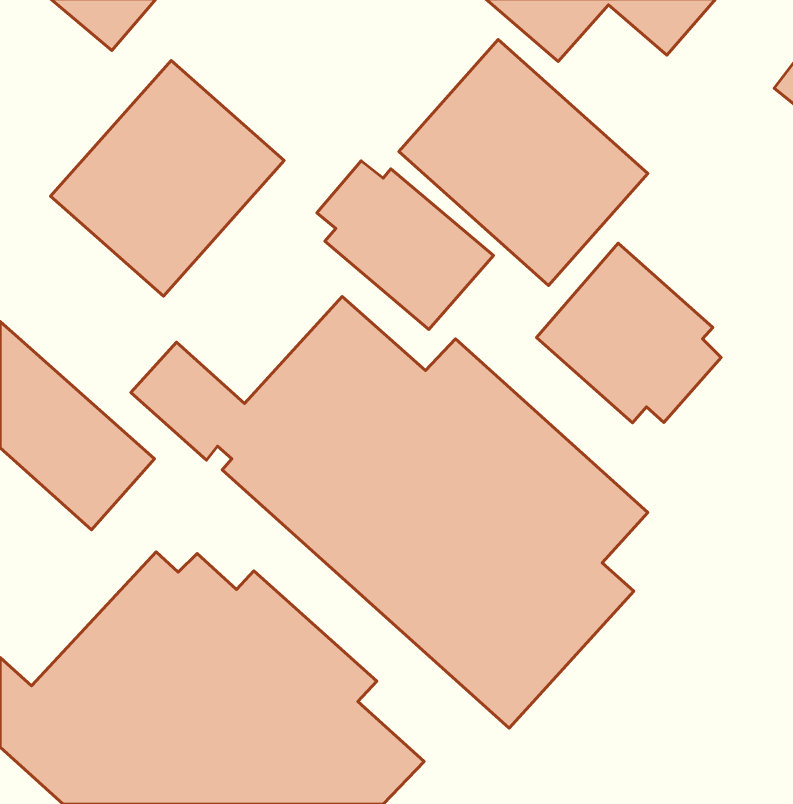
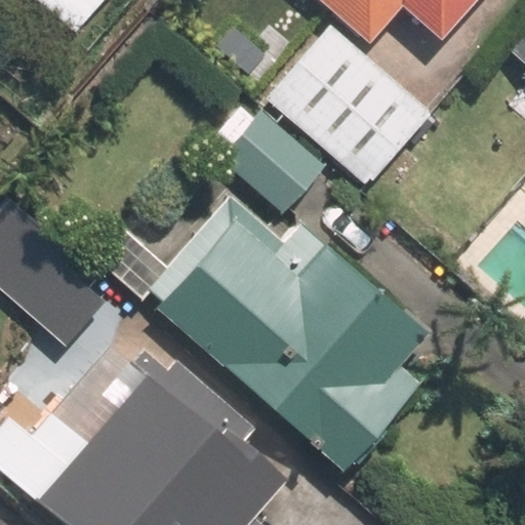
building: [50,60,284,296] -> none
building: [536,243,721,423] -> none

